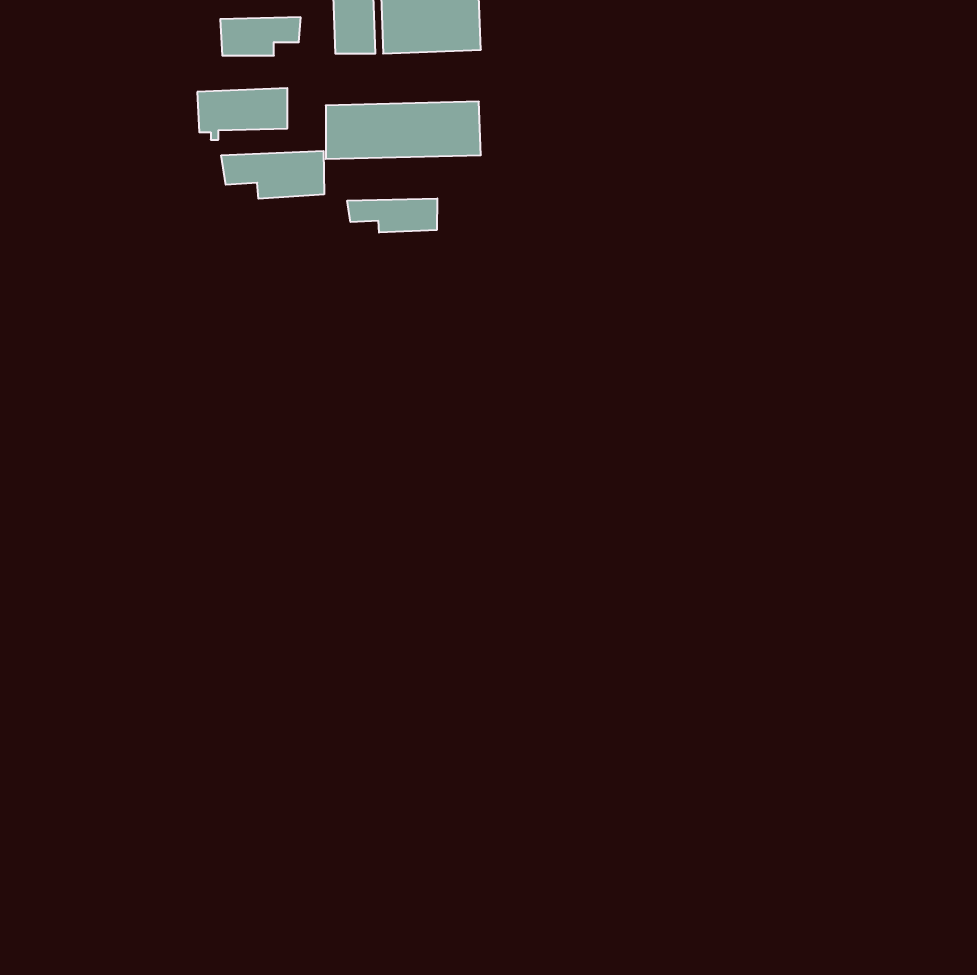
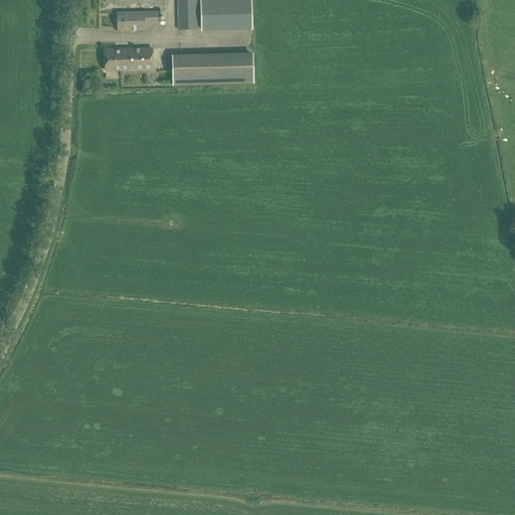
building: [221,151,324,199] -> none
building: [347,198,437,233] -> none

